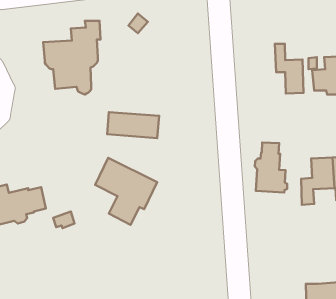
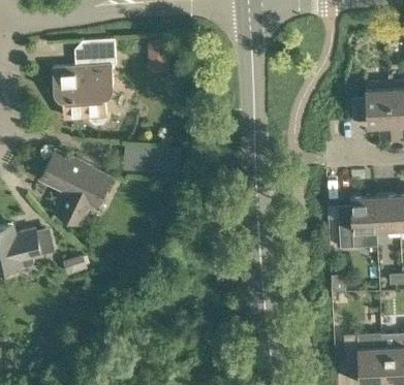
building: [275,44,303,93] -> none
building: [255,142,287,193] -> none
building: [95,158,157,225] -> [40,151,110,225]

